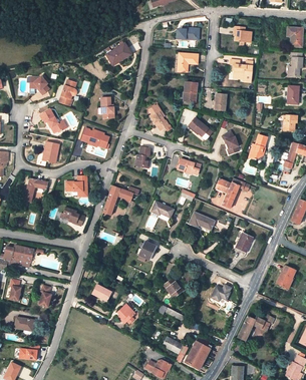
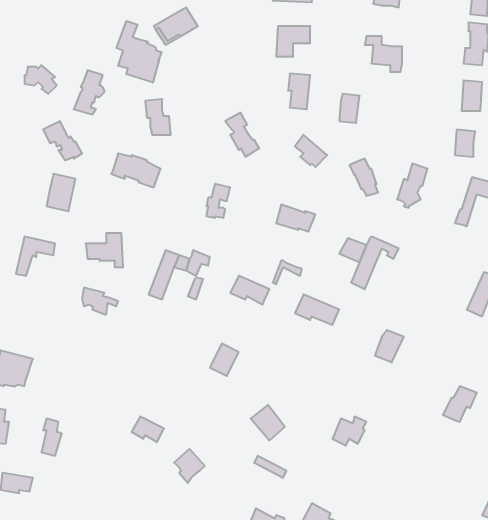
building: none -> [116,21,162,83]
building: [238,314,275,340] -> none

